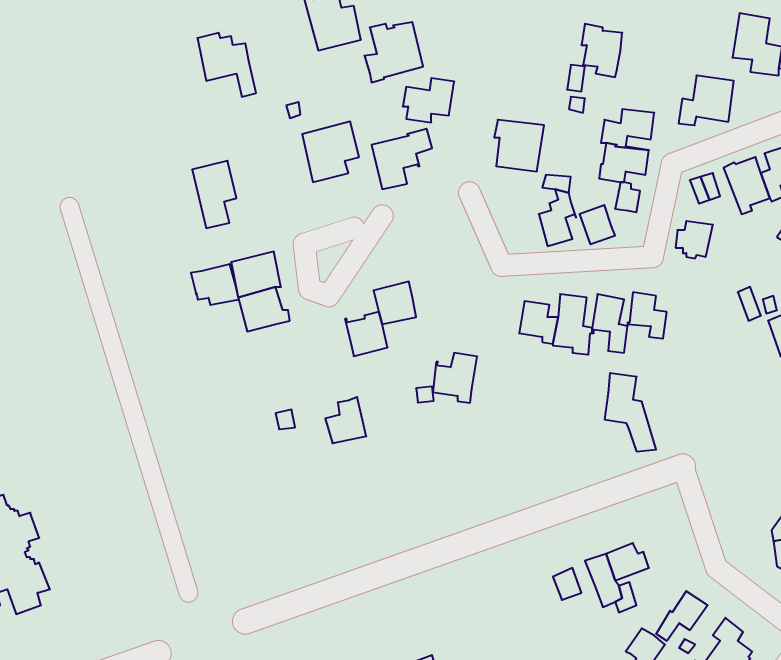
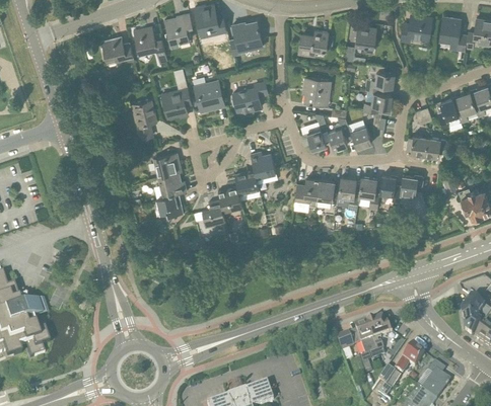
building: none -> [164,12,193,44]
building: none -> [103,38,134,62]
building: [679,75,734,125] -> [401,13,432,42]
building: [403,78,454,122] -> [299,29,329,55]
building: none -> [162,84,192,116]
building: none -> [301,112,328,149]
building: none -> [424,136,448,156]
building: none -> [251,152,276,177]
building: [191,264,239,305] -> [156,192,184,216]
building: [433,353,477,403] -> [295,177,321,206]
building: [605,373,656,451] -> [400,174,429,219]
building: [325,397,366,443] -> [202,197,225,224]

